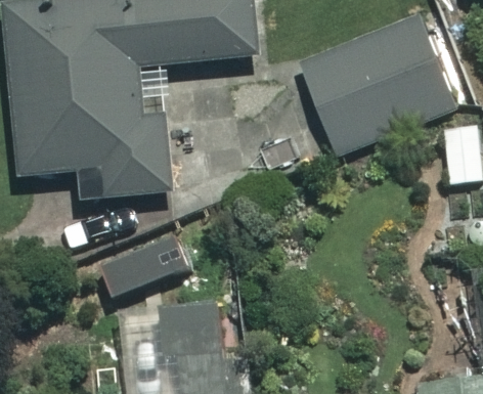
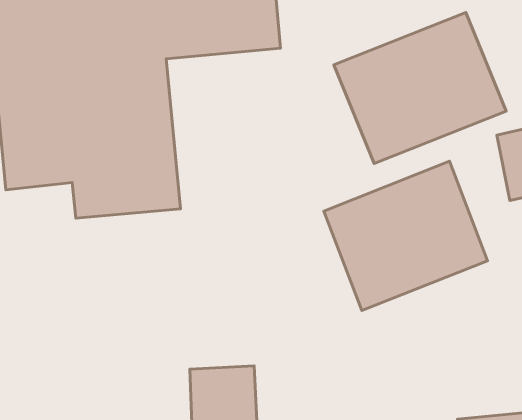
building: none -> [324,161,488,311]

